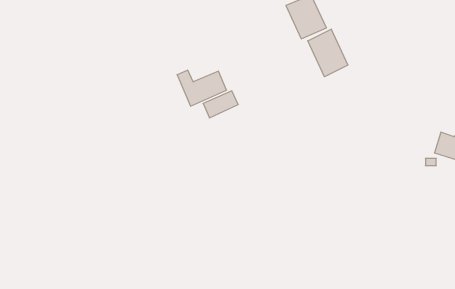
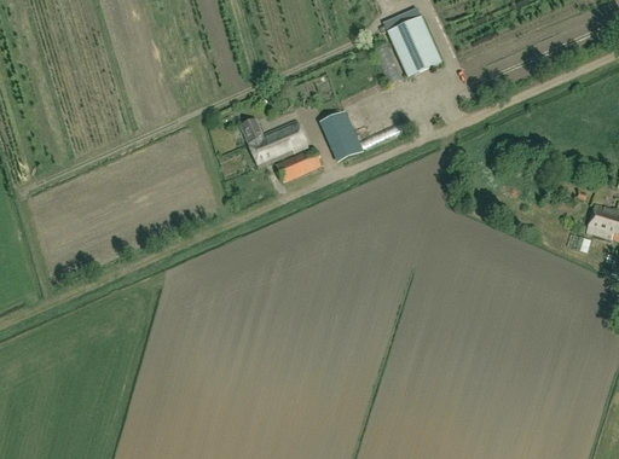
building: [308,29,348,77] -> none
building: none -> [323,111,361,161]

